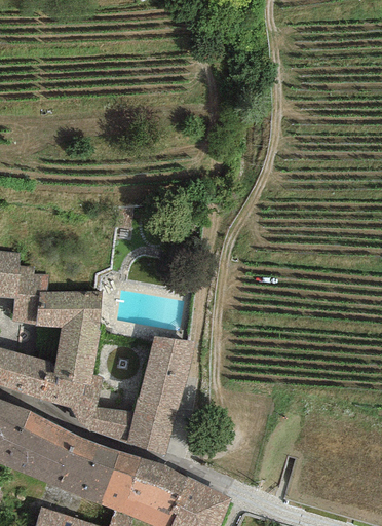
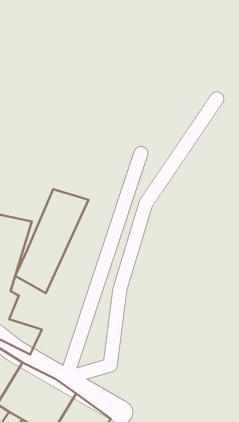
building: [126,337,194,456] -> [15,189,88,293]

